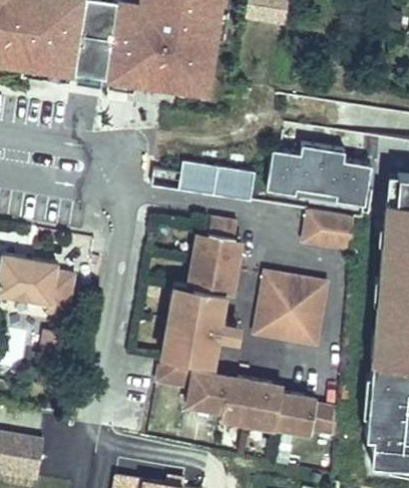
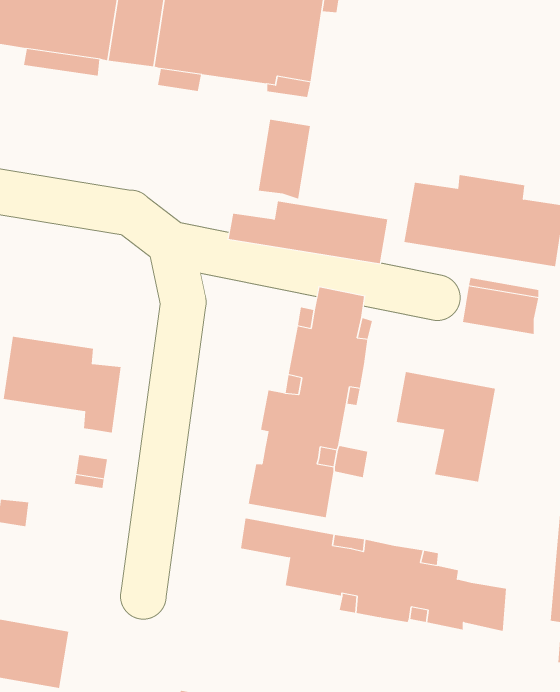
building: none -> [258,119,311,200]
building: [256,305,292,339] -> none

